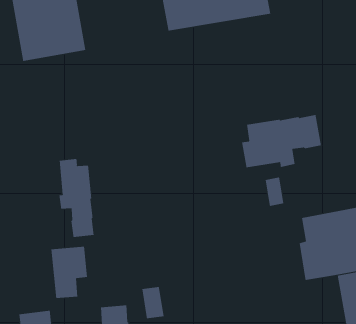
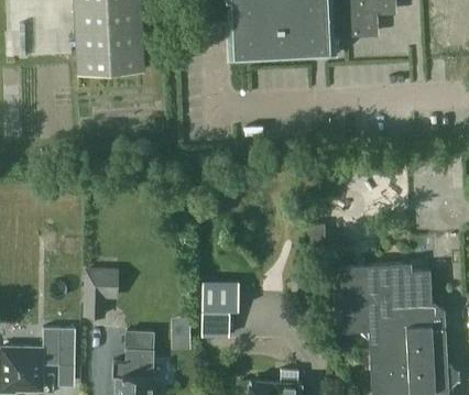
building: [241,114,321,168] -> none
building: [59,158,94,238] -> none
building: none -> [201,283,238,337]

